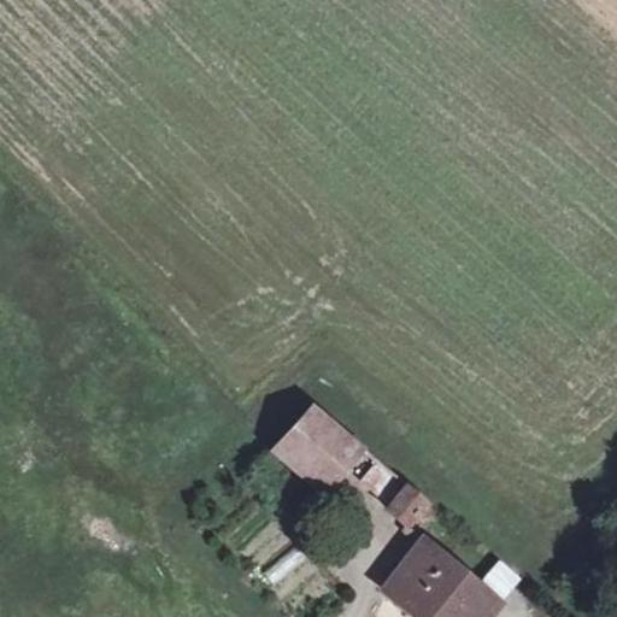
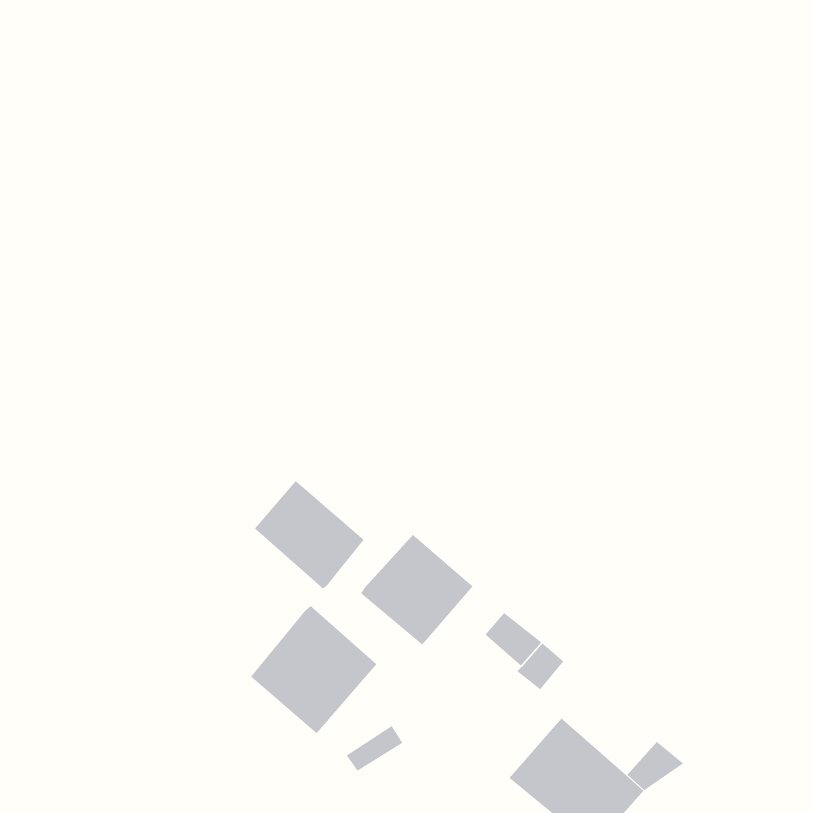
building: none -> [254,480,365,589]
building: none -> [250,605,377,734]

